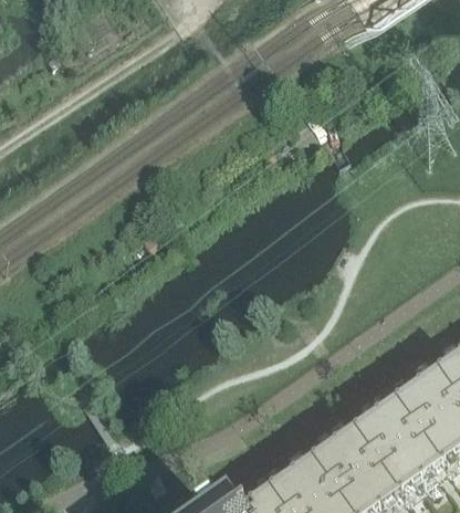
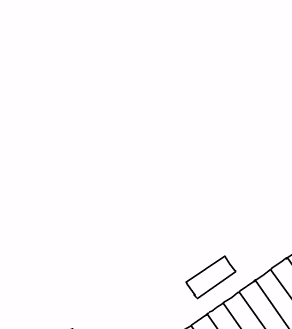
building: none -> [186,256,236,299]

